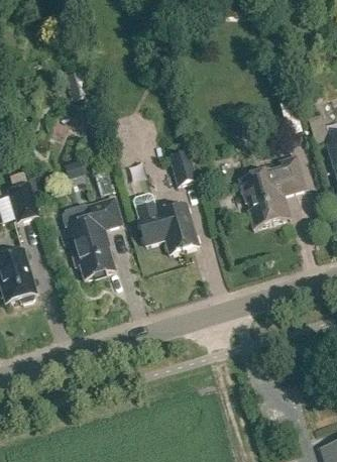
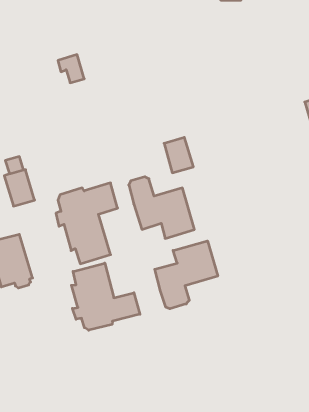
building: [239,153,306,226] -> none
building: none -> [155,241,218,309]
building: none -> [71,263,140,330]

